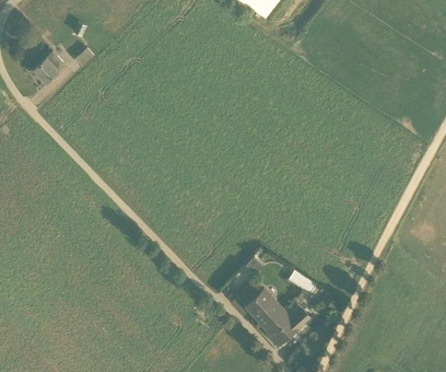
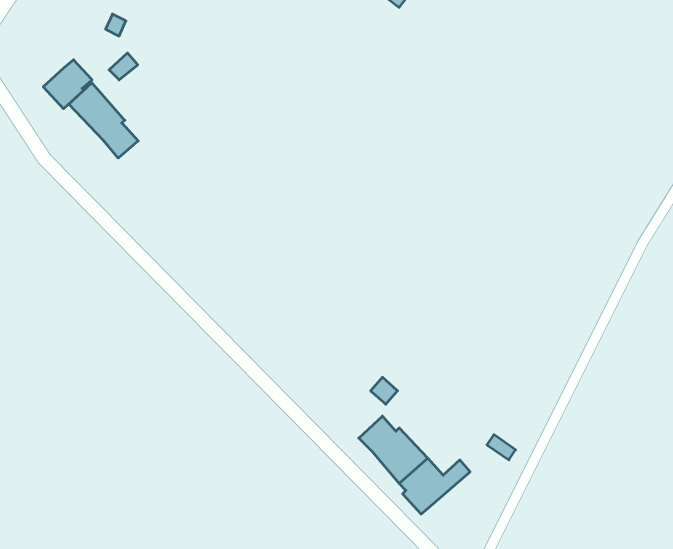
building: none -> [69,83,138,158]

